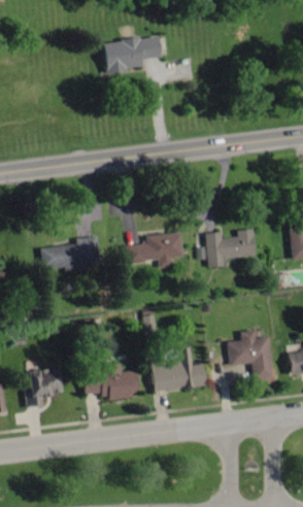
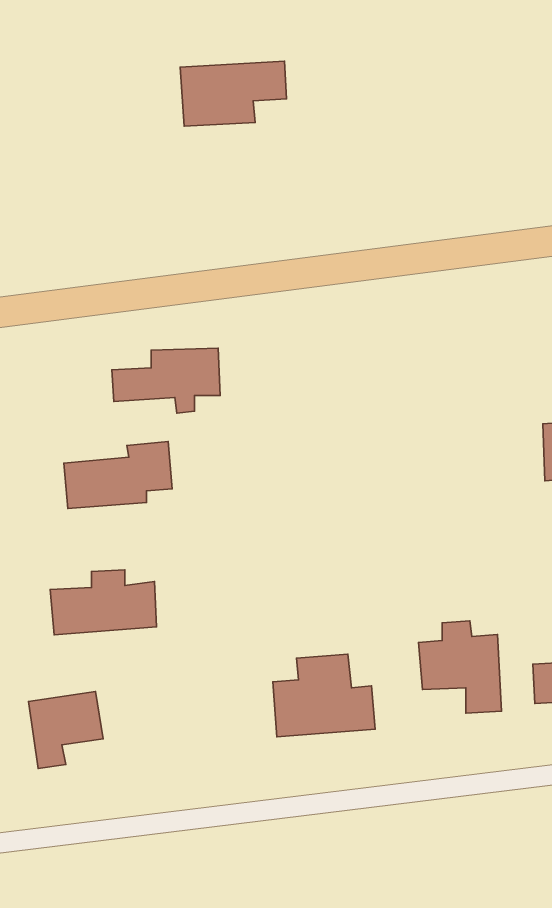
building: [208,230,257,268] -> none
building: [127,234,183,268] -> [112,348,220,413]
building: [83,365,139,399] -> [50,570,157,635]

